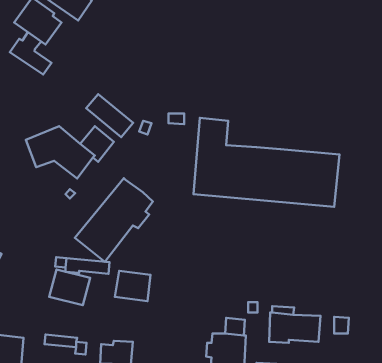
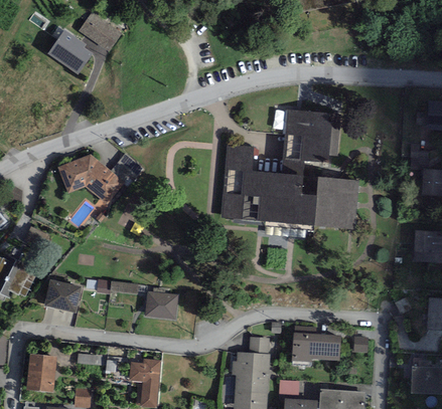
building: [10,32,51,74] -> none
building: none -> [280,110,333,175]
building: [86,94,133,137] -> none
building: [75,178,153,262] -> none
building: [49,269,90,305] -> [43,278,83,313]

